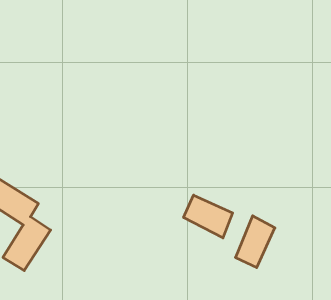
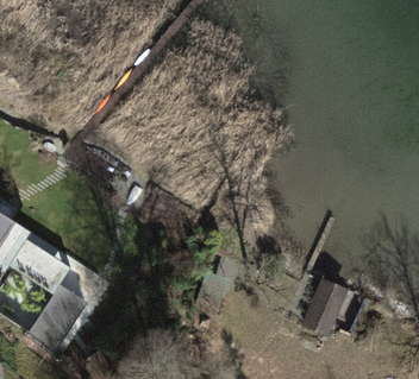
building: [184,195,233,238] -> none

